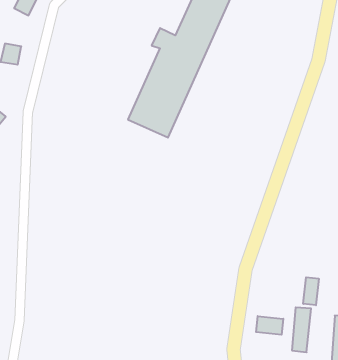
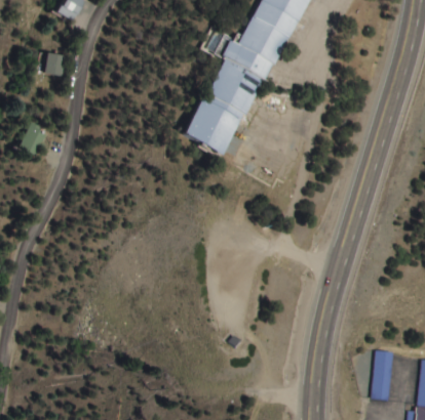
building: [303,277,319,305] -> none
building: [256,316,283,335] -> none

